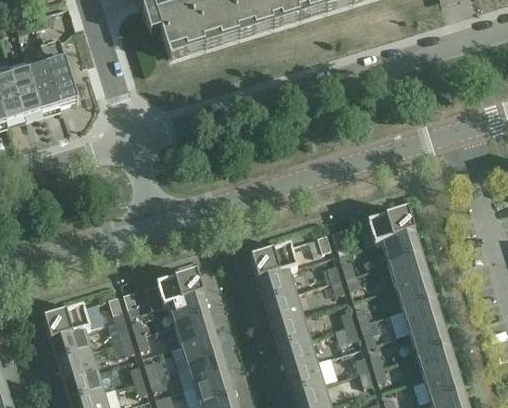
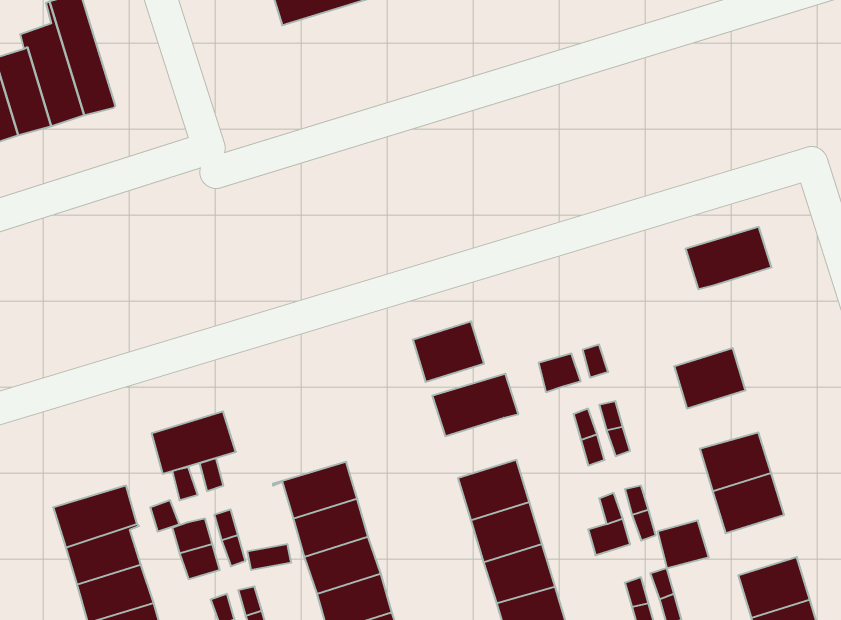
building: [366,208,413,242] -> [685,227,772,289]
building: [388,253,427,285] -> none
building: [256,268,295,301] -> [413,321,484,382]
building: [156,270,202,304] -> [152,411,236,474]
building: [409,321,448,354] -> none

